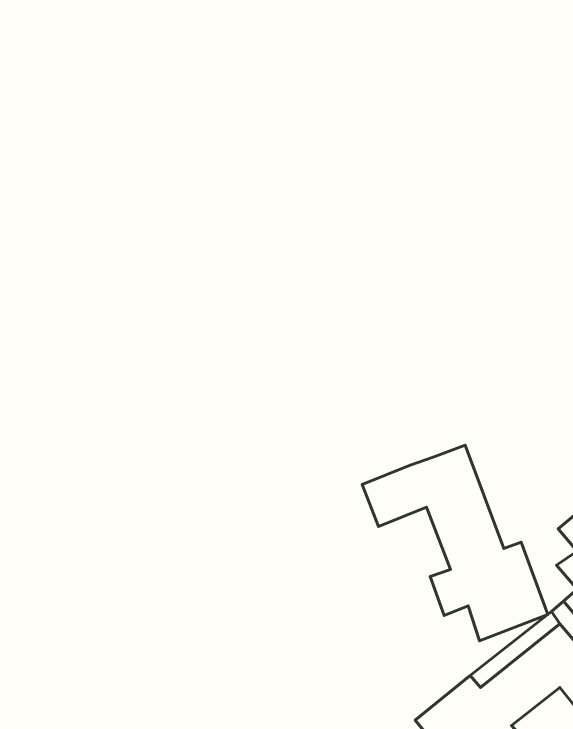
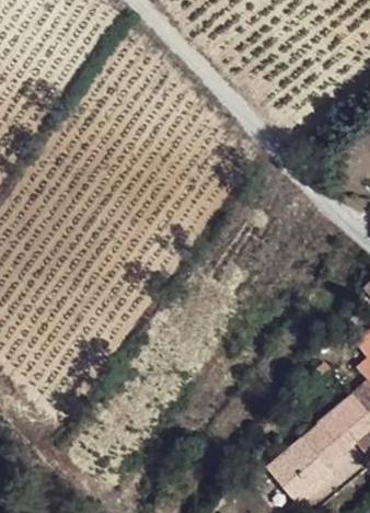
building: [362,445,548,641] -> none

